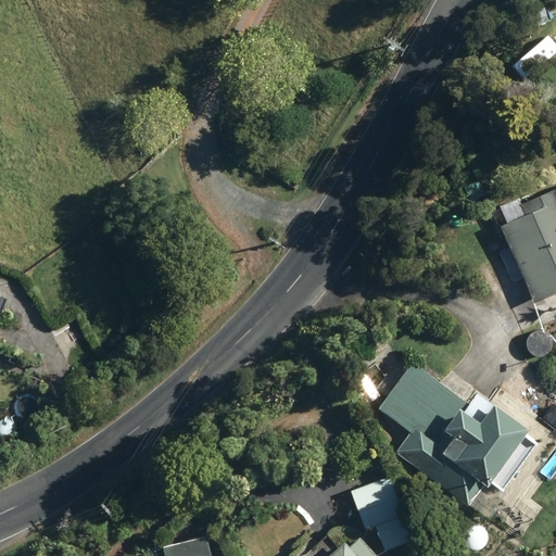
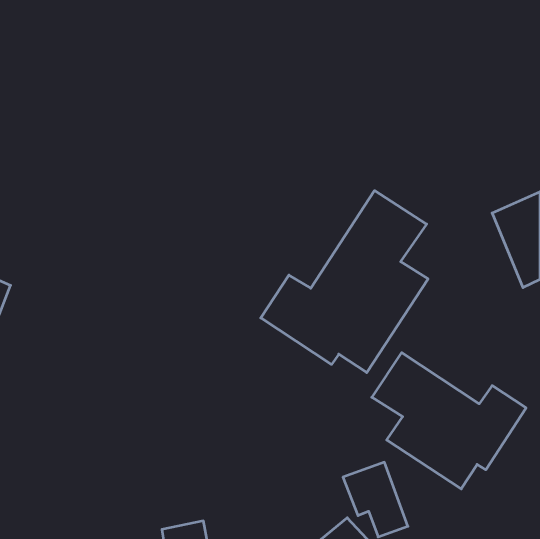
building: none -> [261,191,428,373]

